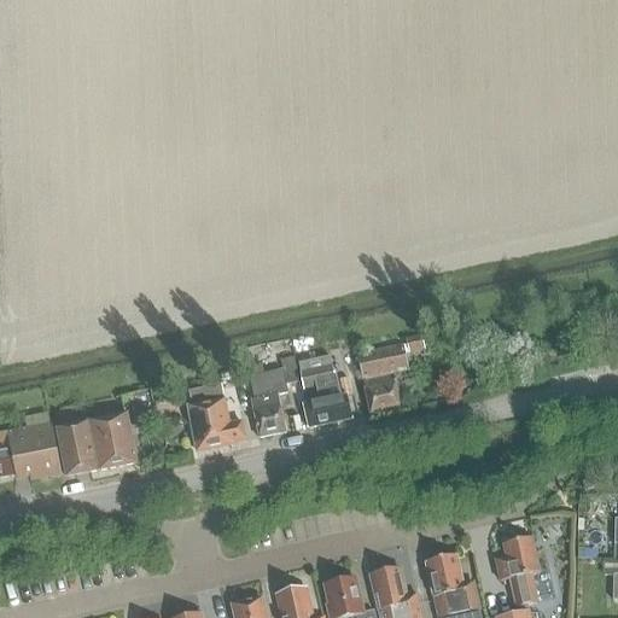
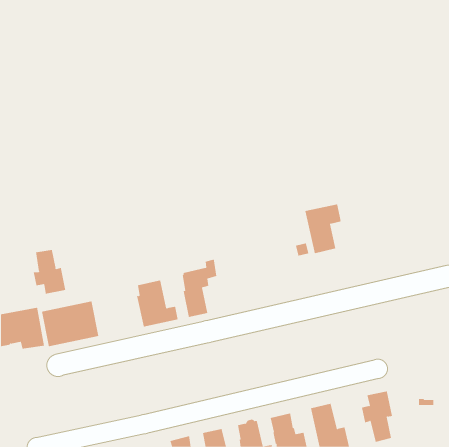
building: none -> [33,249,66,295]
building: [357,344,408,413] -> [305,204,341,254]
building: [298,354,351,426] -> none

